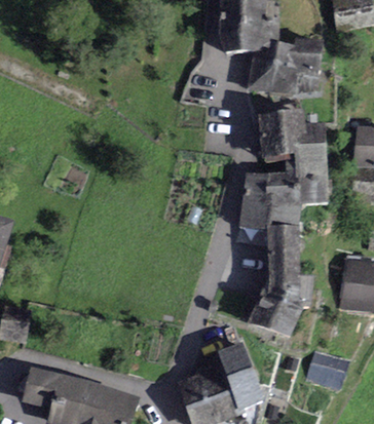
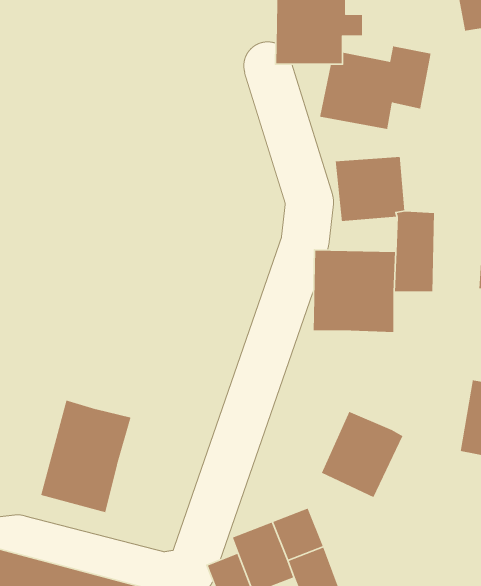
building: [267,228,297,293] -> none
building: none -> [40,400,131,513]
building: [306,351,346,389] -> none

